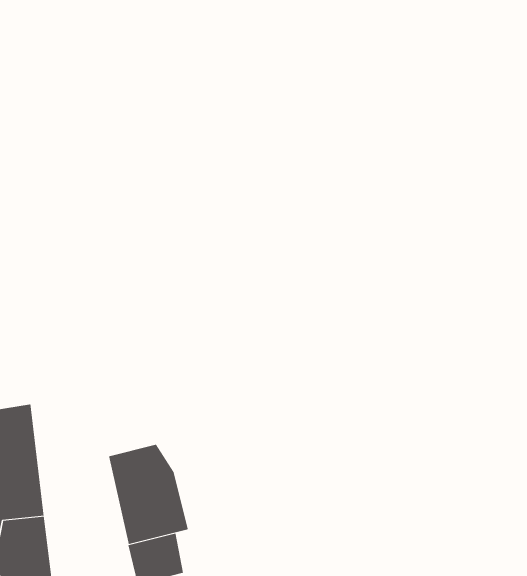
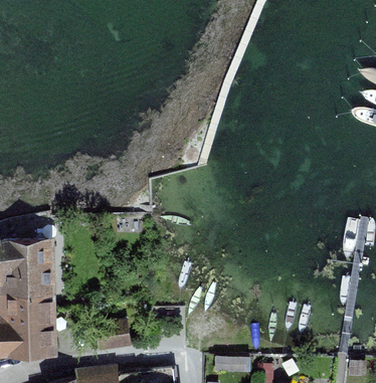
building: [108,444,188,545] -> none

